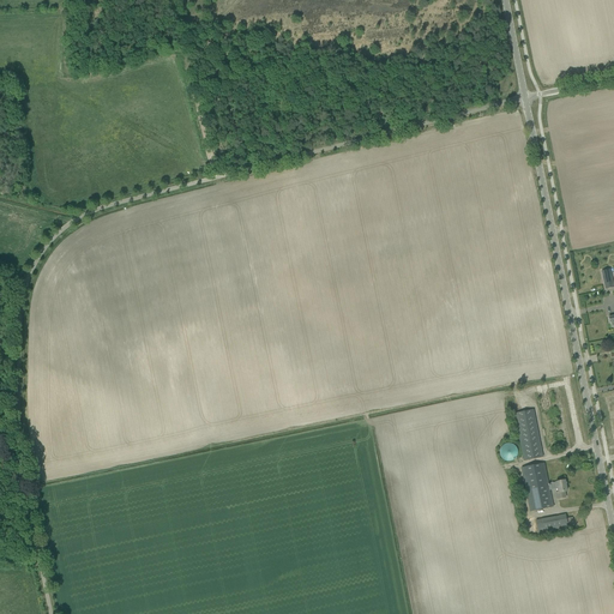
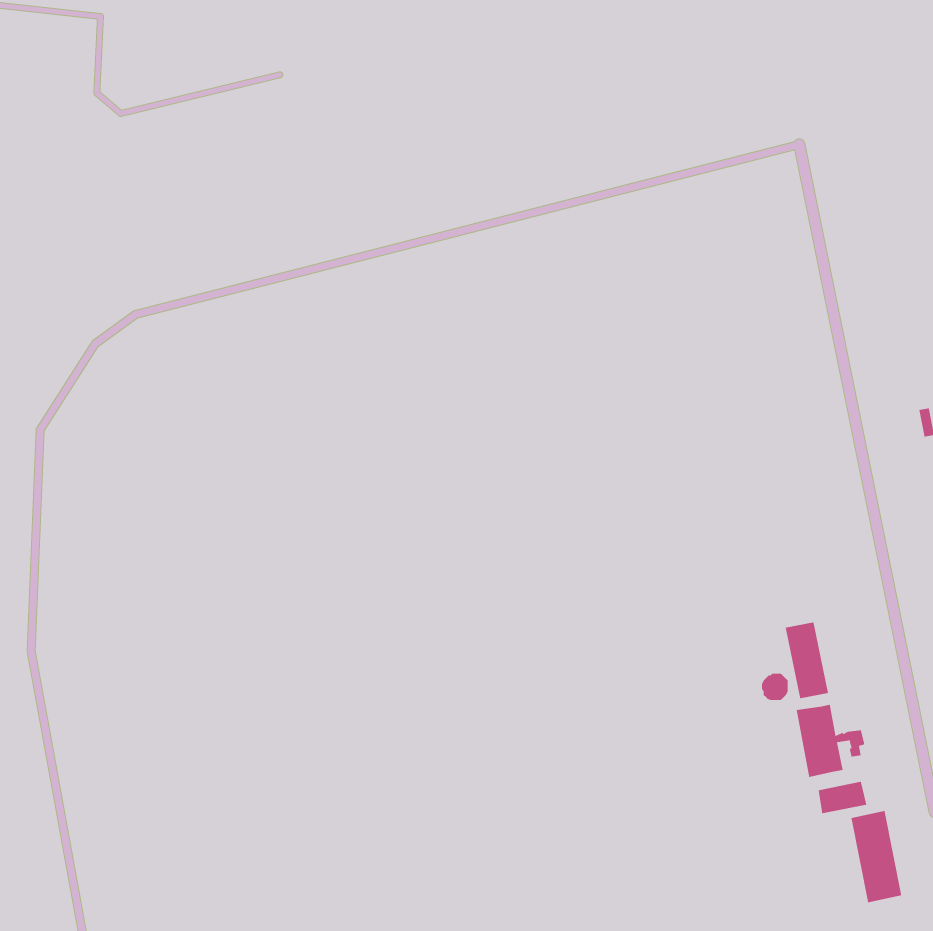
building: none -> [851,810,902,903]

